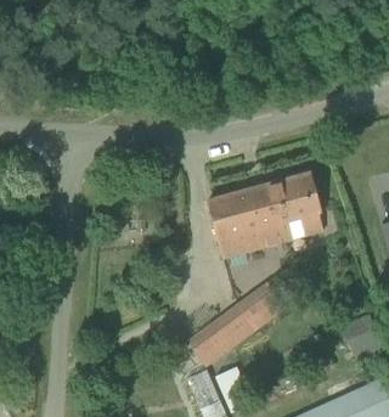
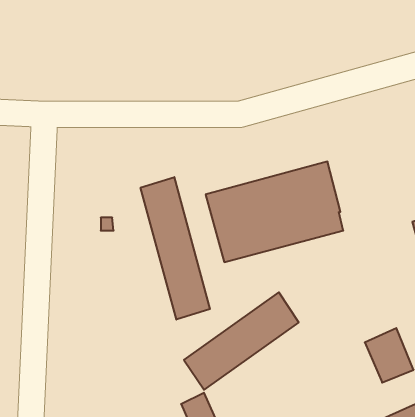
building: none -> [141,177,210,320]

